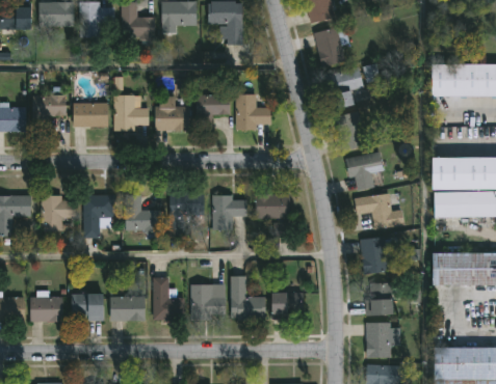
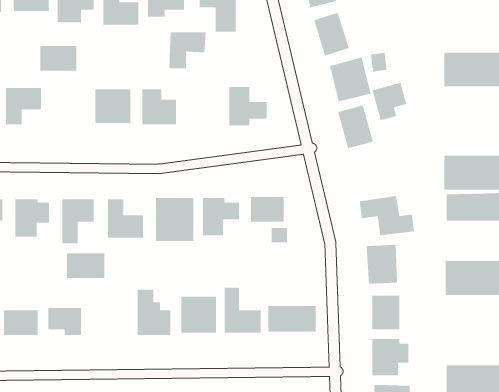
building: none -> [372,82,407,121]
building: [195,95,230,130] -> [169,31,206,69]
building: [74,103,108,127] -> [39,45,77,72]
building: [347,154,377,191] -> none
building: [110,297,146,321] -> [66,253,105,279]

